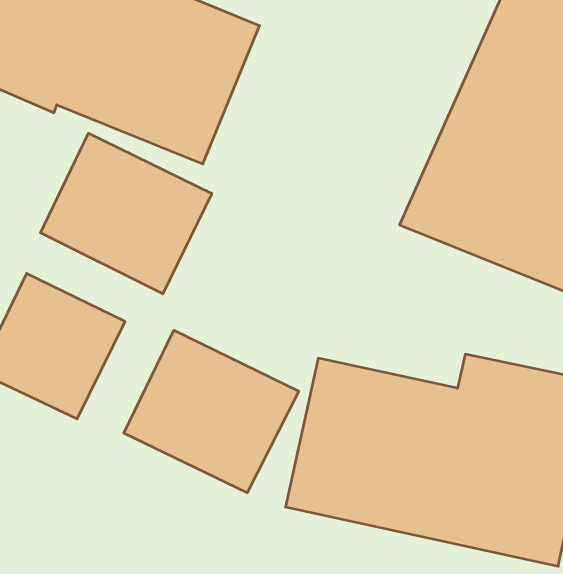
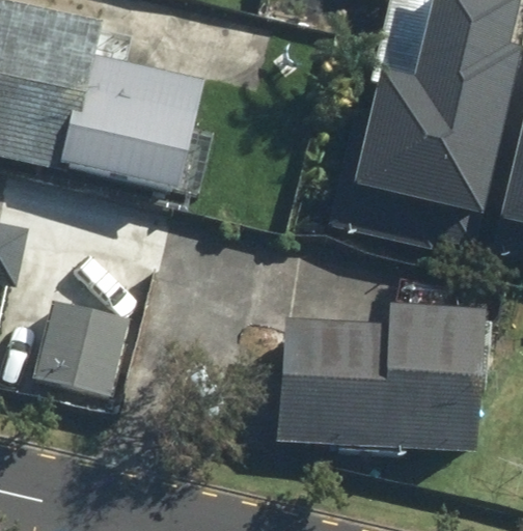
building: [40,133,212,294] -> none
building: [124,330,299,493] -> none

